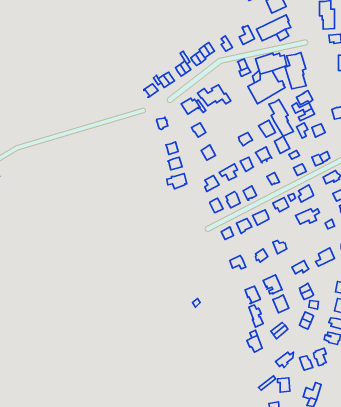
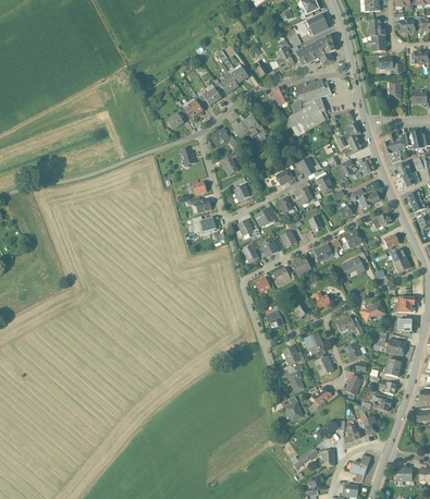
building: [285,53,306,89] -> none
building: [269,100,293,136] -> none

